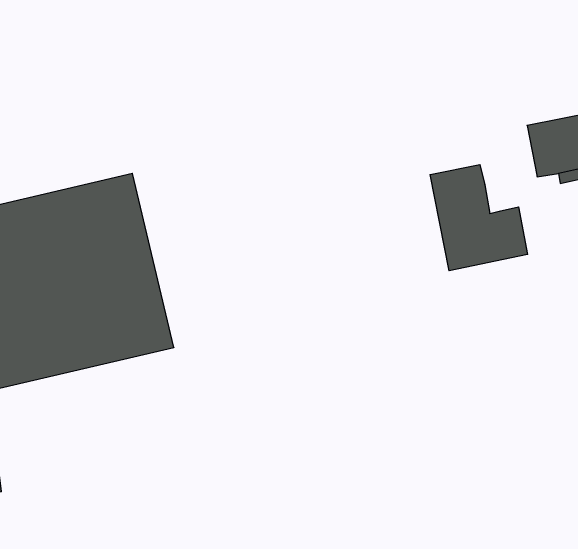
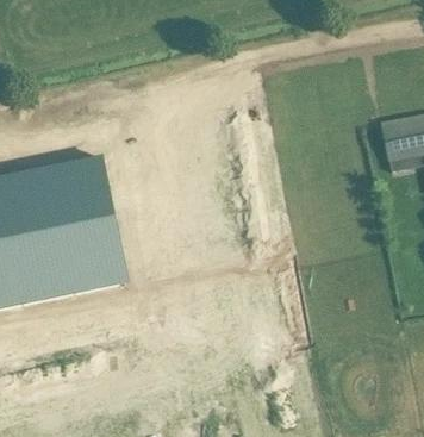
building: [430,165,528,271] -> none

